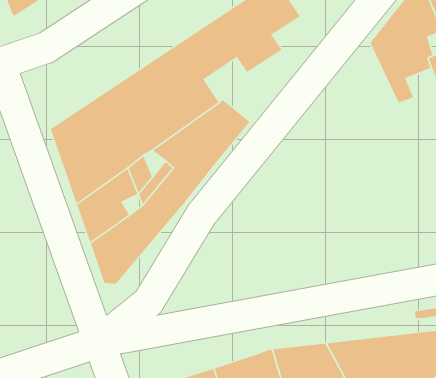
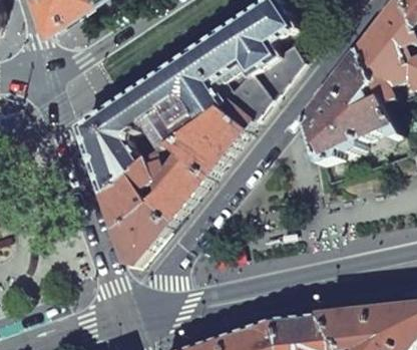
building: none -> [210,46,297,120]
building: none -> [299,51,393,163]

